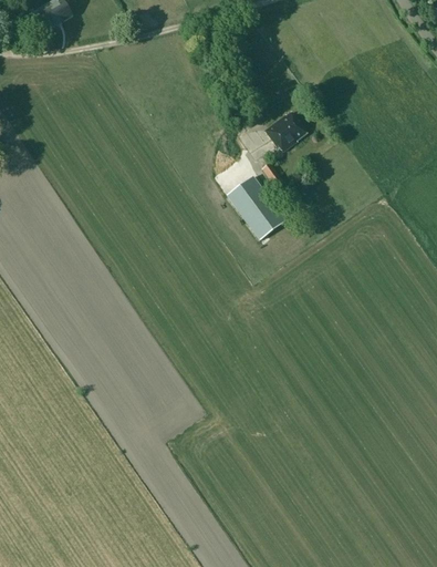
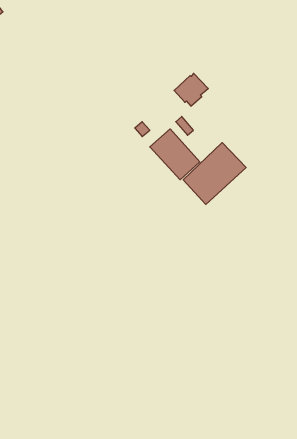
building: none -> [183,143,246,204]

